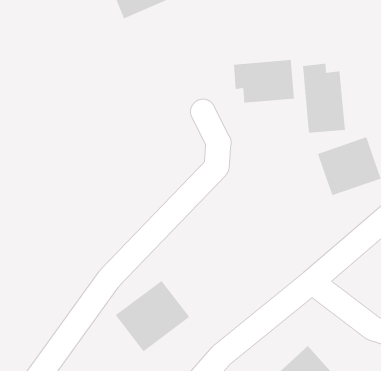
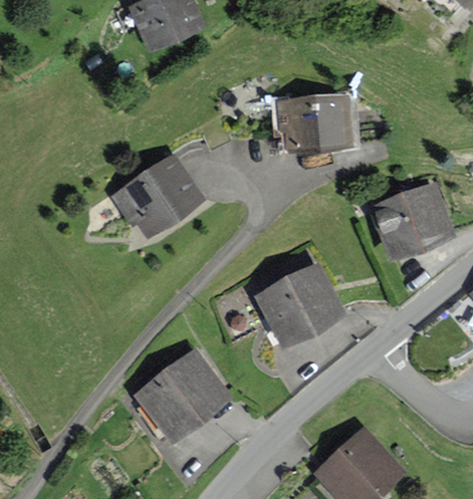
building: [303,63,345,134] -> none
building: none -> [115,158,199,233]
building: none -> [257,265,341,343]

